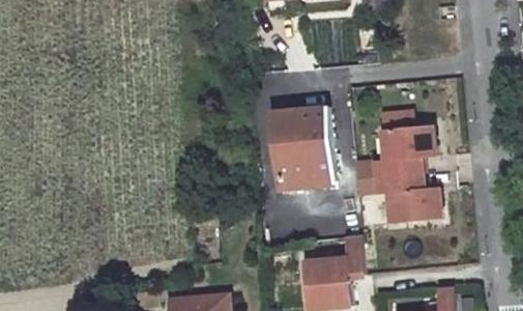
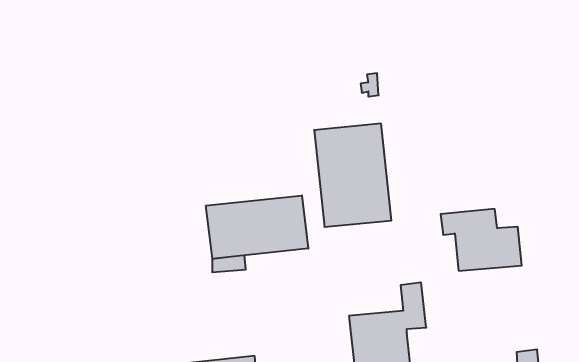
building: [372,126,433,178] -> none
building: none -> [206,195,308,259]

